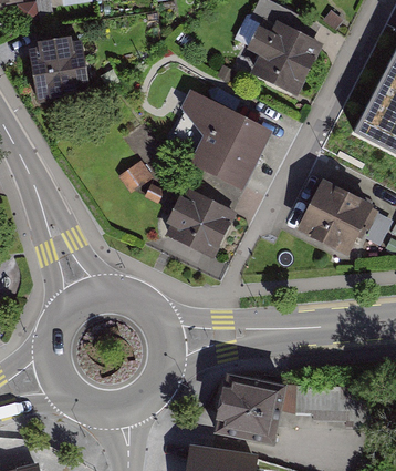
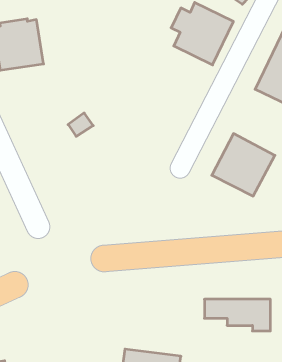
building: [187,90,270,178] -> none
building: [167,182,235,255] -> none
building: [221,383,281,439] -> none

